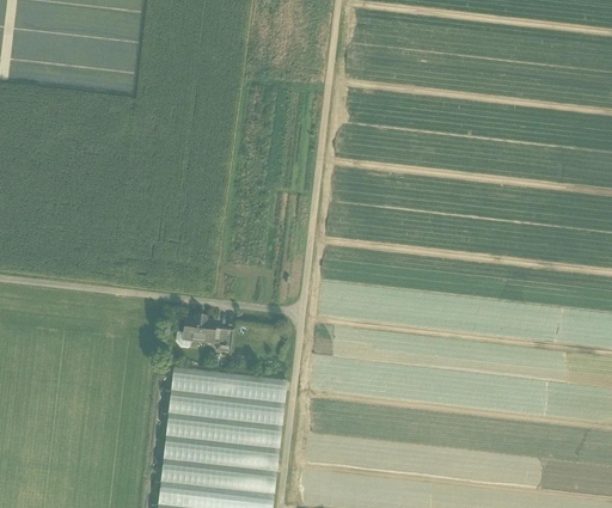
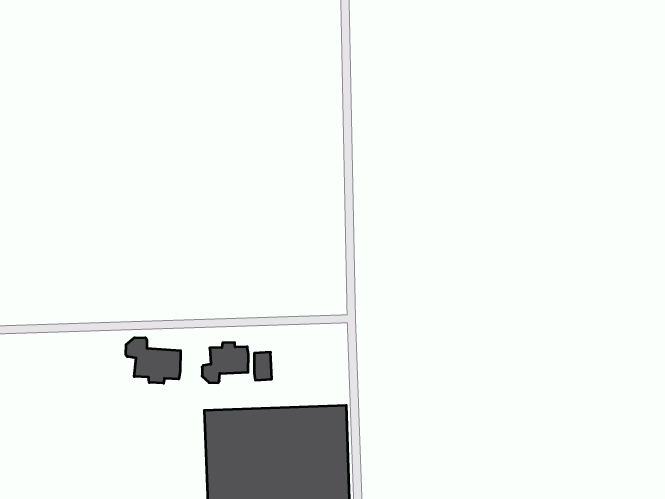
building: none -> [126,338,181,383]

